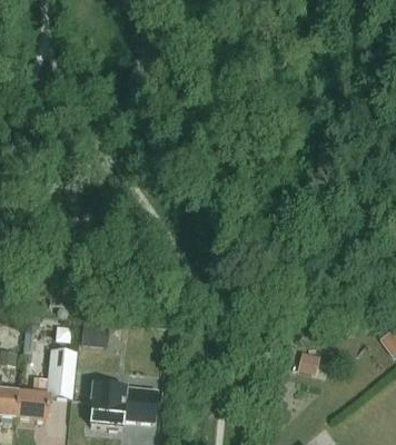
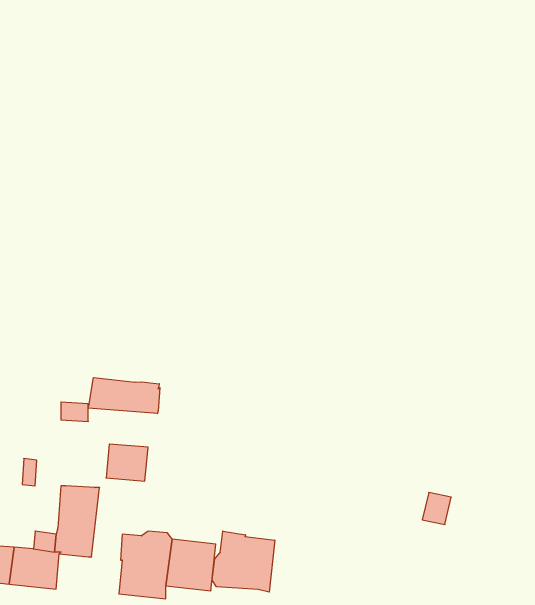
building: none -> [88,378,160,414]
building: none -> [212,531,275,592]

